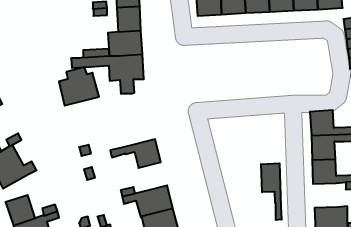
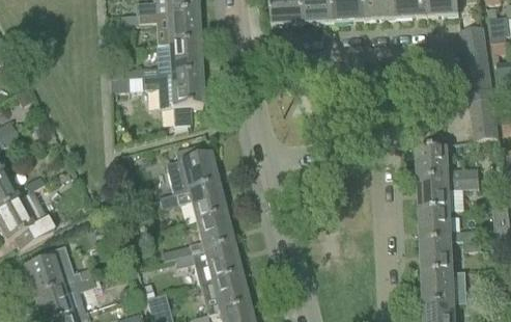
building: [59,67,99,106] -> [166,145,218,195]
building: none -> [196,214,233,251]
building: [261,163,282,220] -> none
building: none -> [422,241,454,273]

